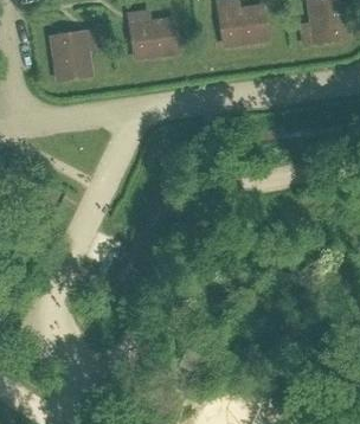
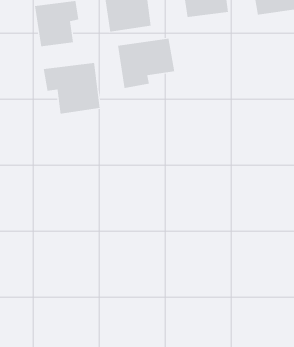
building: none -> [118,38,175,89]
building: none -> [43,62,100,114]

